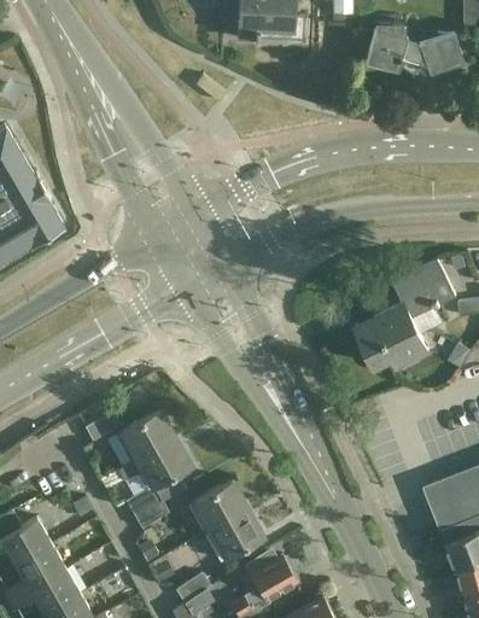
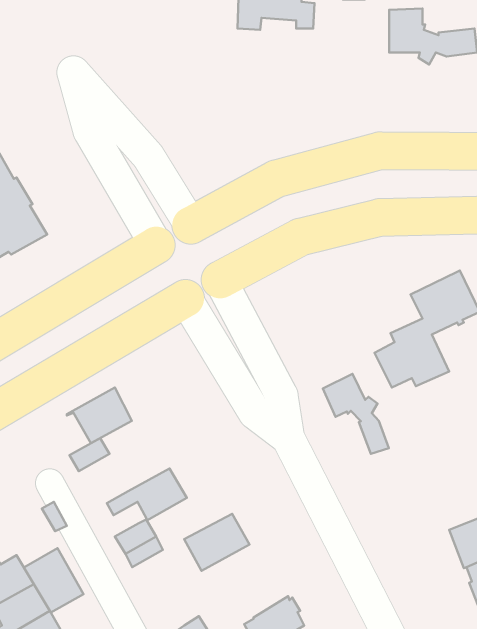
building: none -> [323,374,389,454]
building: [116,409,175,460] -> [67,387,132,443]
building: [204,508,263,561] -> none
building: none -> [24,548,84,612]

